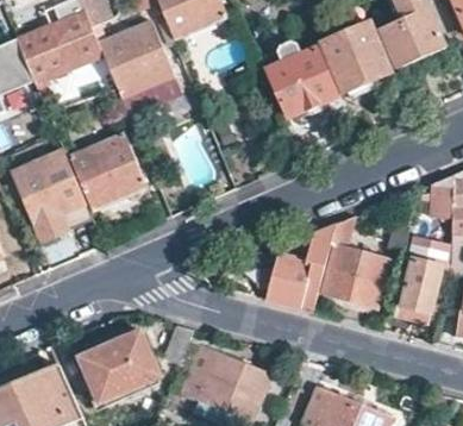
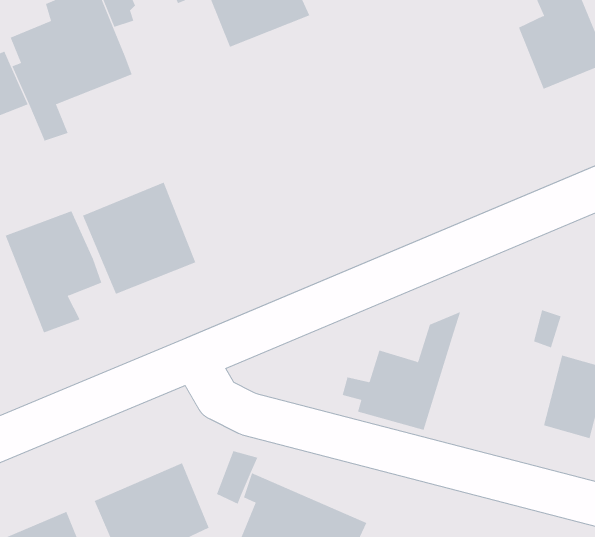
building: [99,21,181,113] -> none
building: [323,24,390,94] -> none
building: [268,51,336,117] -> none
building: [323,217,386,306] -> none

